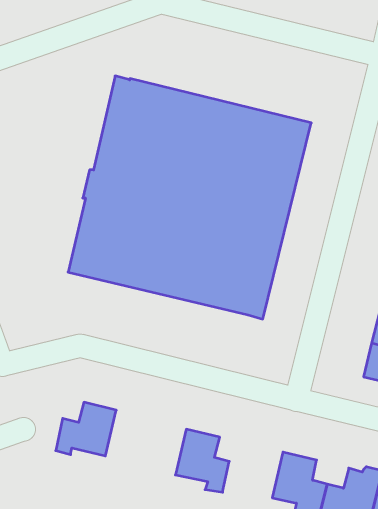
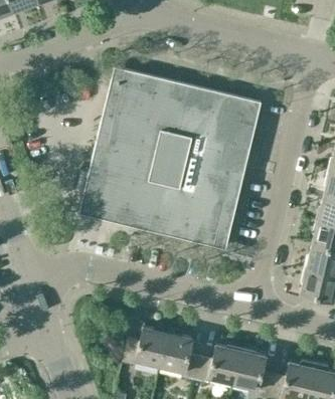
building: [56,402,116,456] -> [122,326,167,366]
building: none -> [194,343,239,383]

